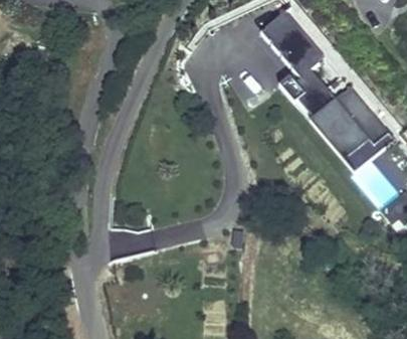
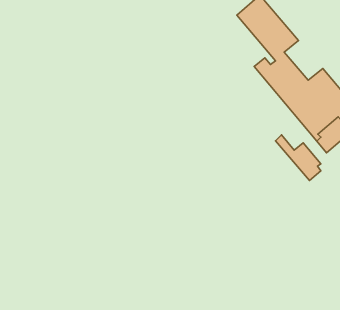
building: none -> [276,135,321,181]

